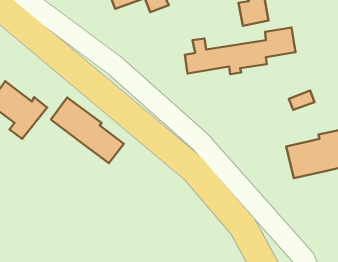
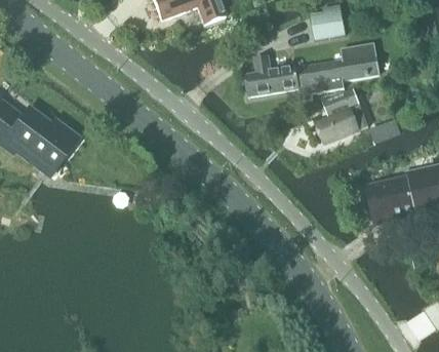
building: none -> [316,88,368,143]
building: [51,97,124,163] -> none

